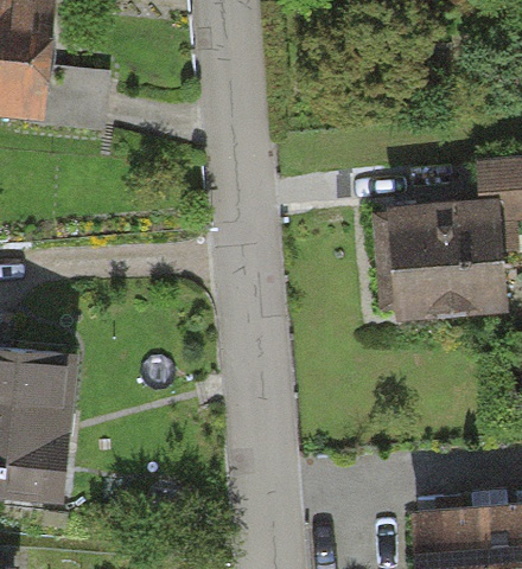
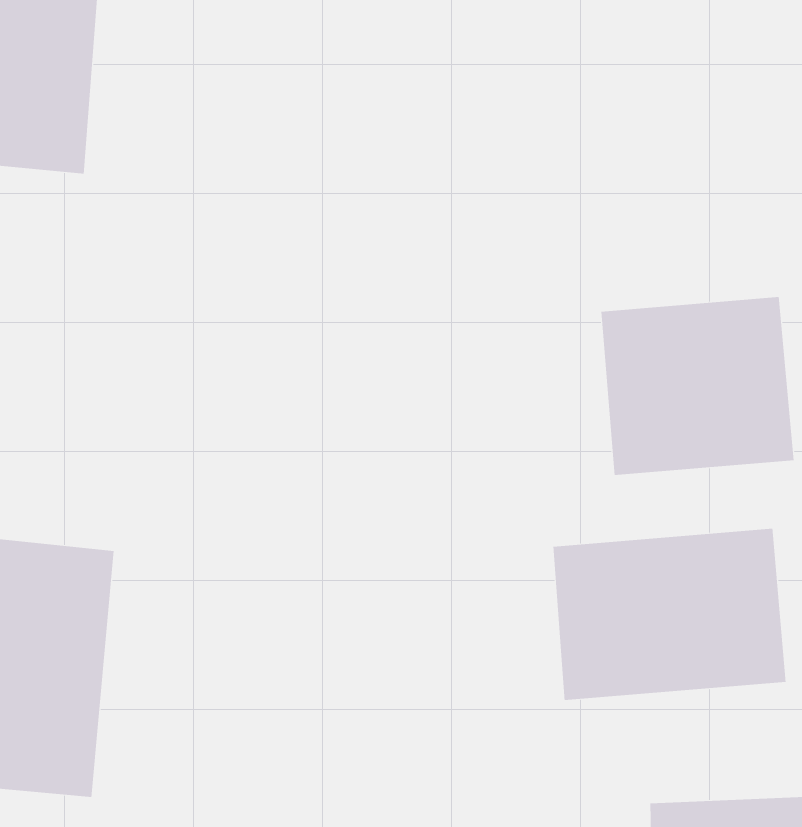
building: none -> [553,528,786,701]

